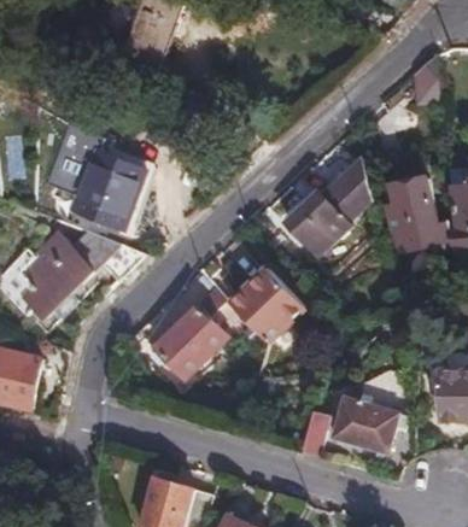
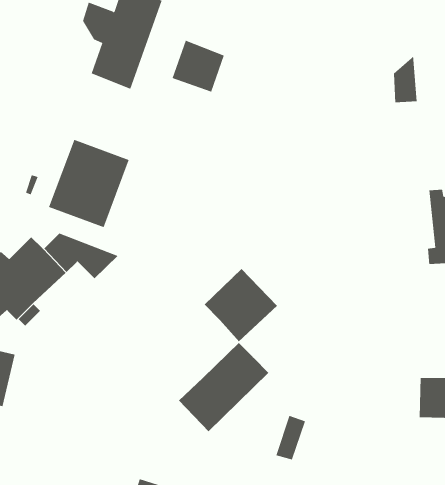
building: none -> [172,40,225,93]
building: [282,164,368,258] -> none
building: [386,176,447,253] -> none
building: [151,289,241,379] -> [178,342,269,432]
building: [333,398,400,455] -> none

